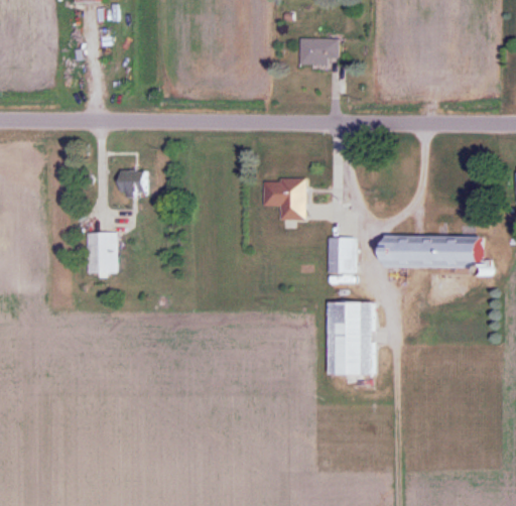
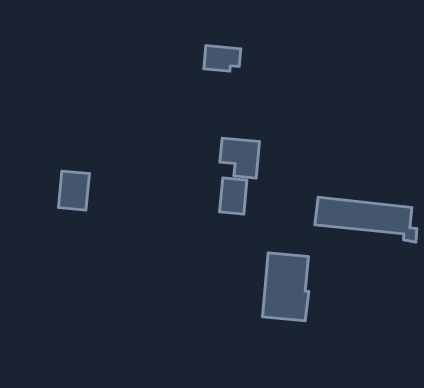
building: [299,38,339,65] -> [204,46,241,71]
building: [117,170,148,193] -> none
building: [328,236,355,274] -> [220,178,247,214]

